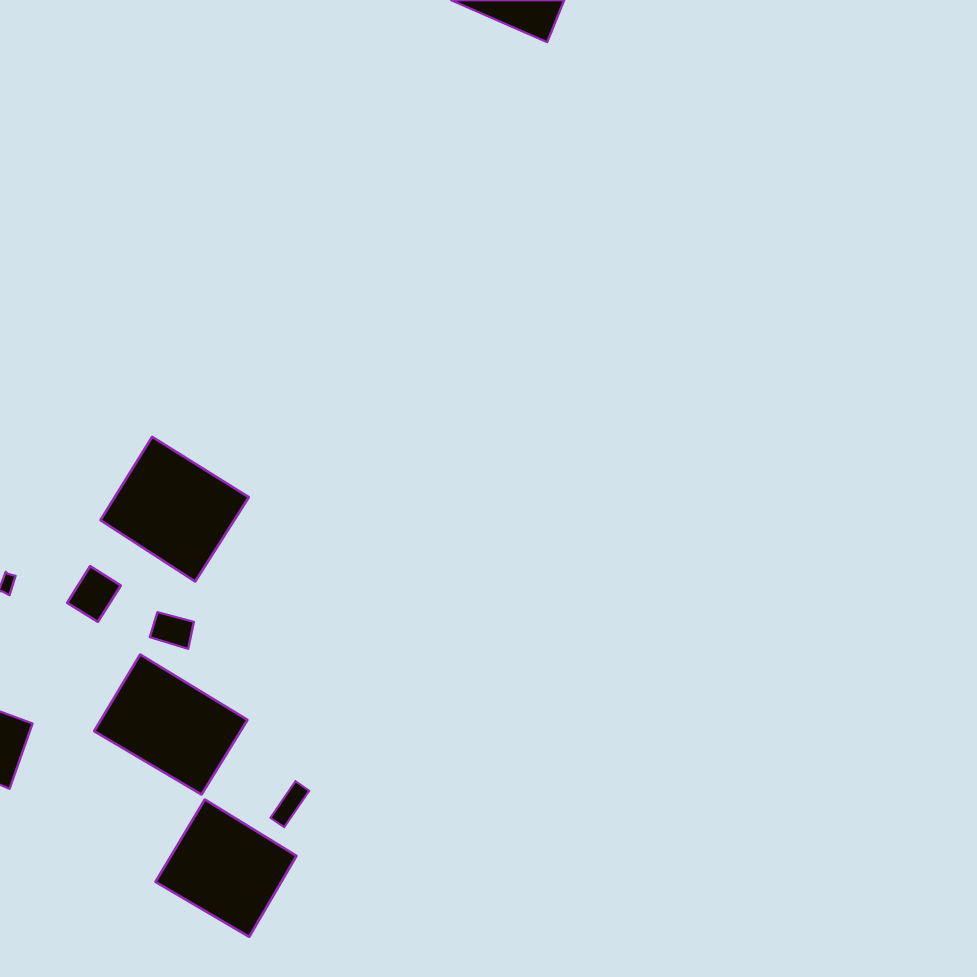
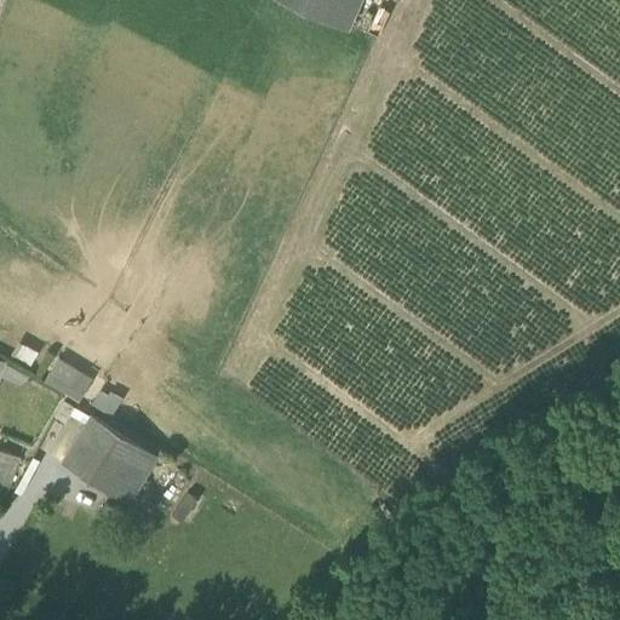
building: [100,437,249,582] -> none
building: [155,800,297,937] -> none

